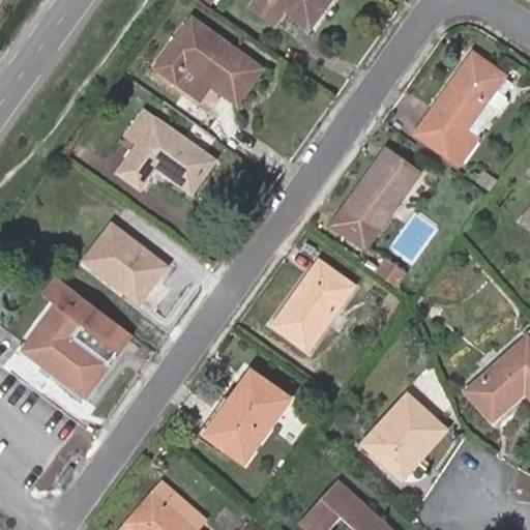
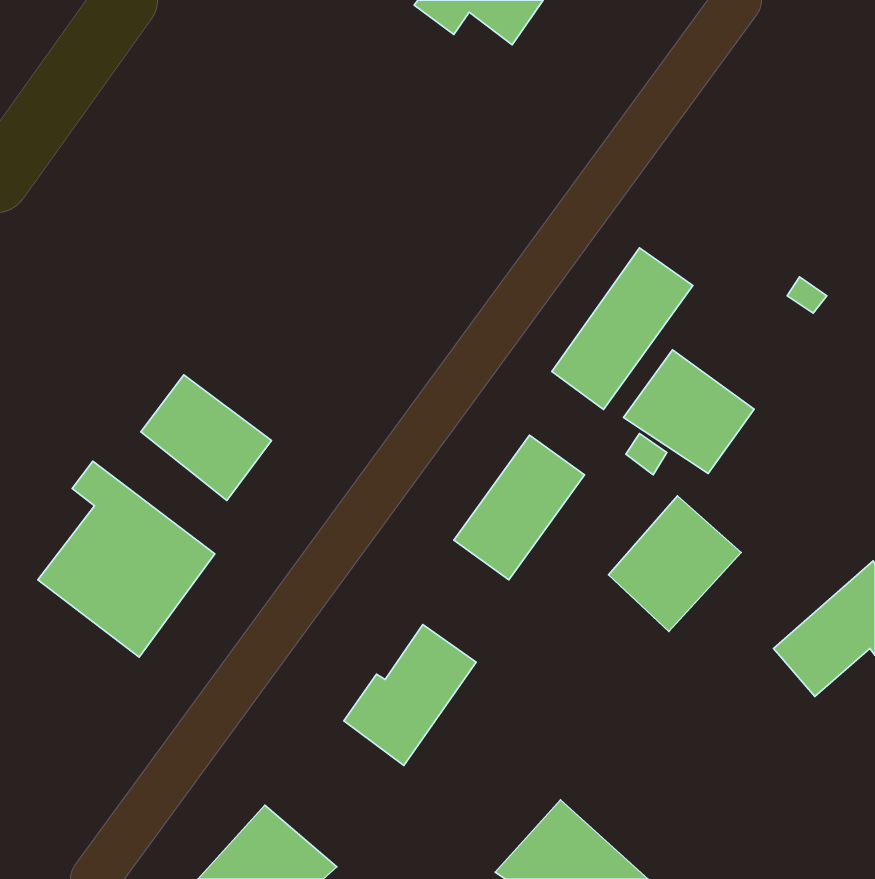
building: [155,19,259,101] -> none
building: [417,55,506,163] -> none
building: [118,113,211,192] -> none
building: none -> [623,350,754,474]
building: [364,395,444,477] -> [609,496,741,632]

